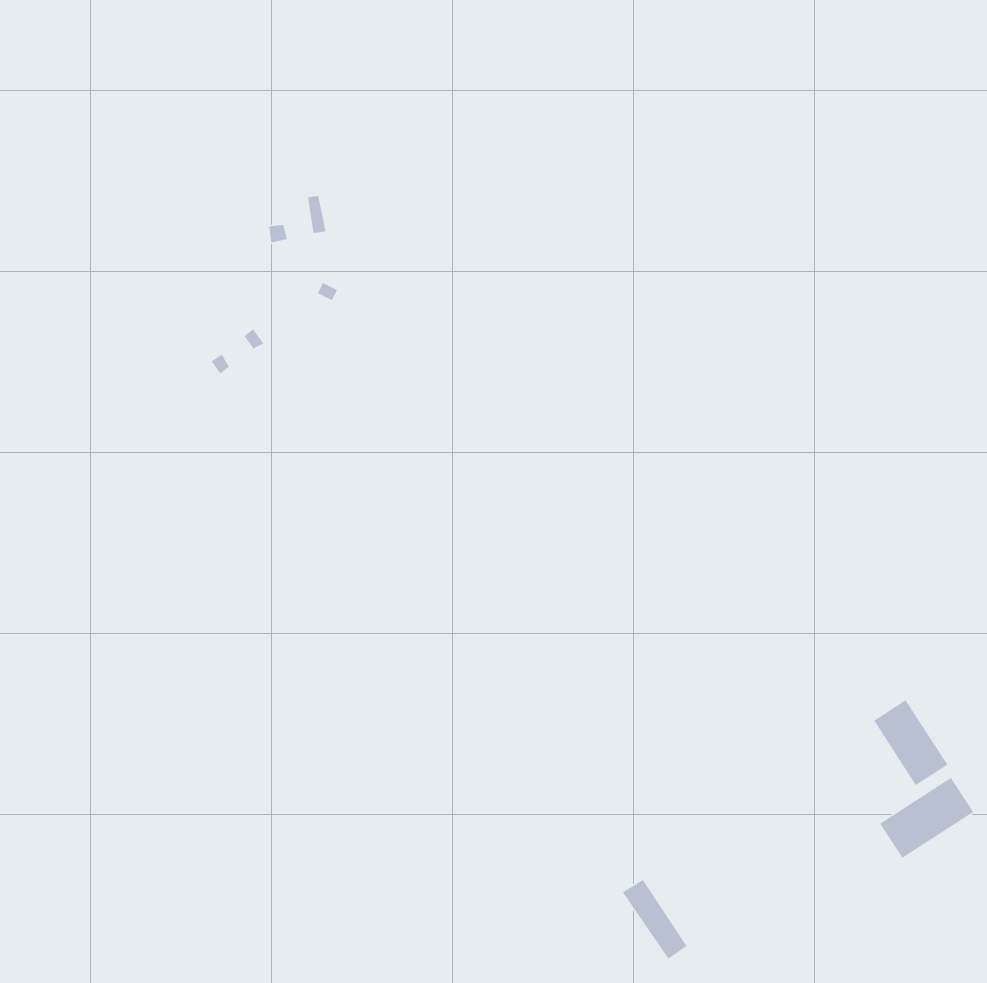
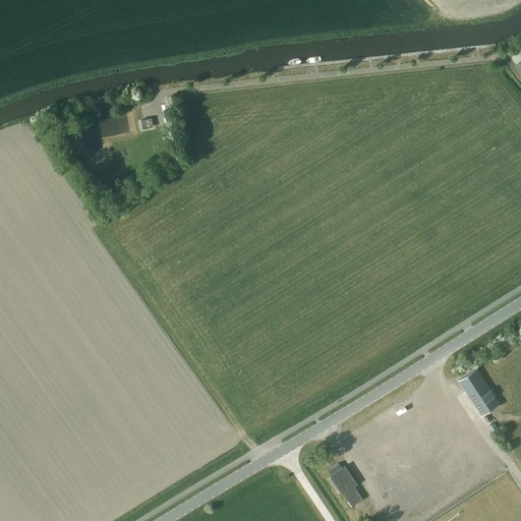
building: [879,777,974,859] -> none

